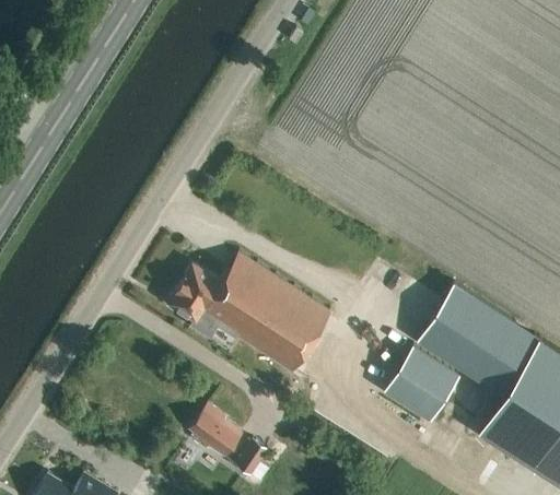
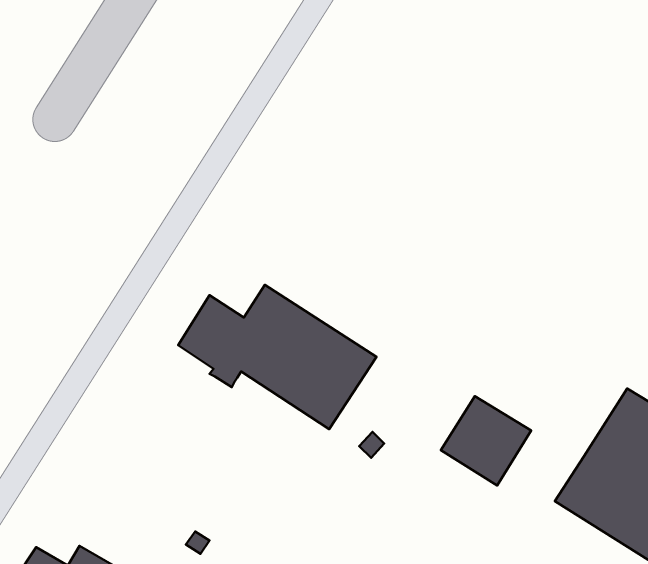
building: [418,285,540,397] -> none
building: [189,405,242,458] -> none
building: [235,440,269,476] -> none

